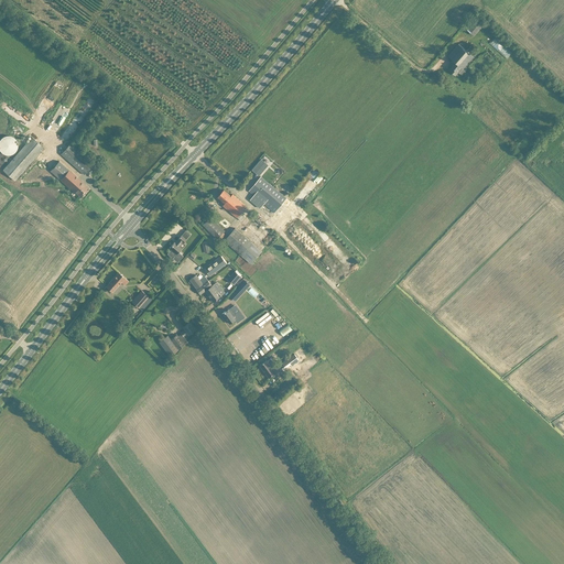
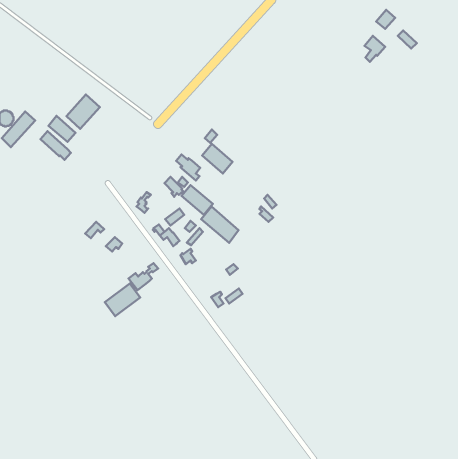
building: none -> [66,94,100,129]
building: none -> [201,207,239,243]
building: none -> [105,283,140,316]

